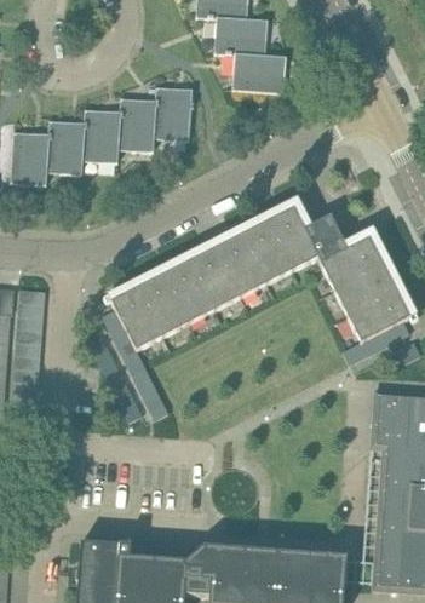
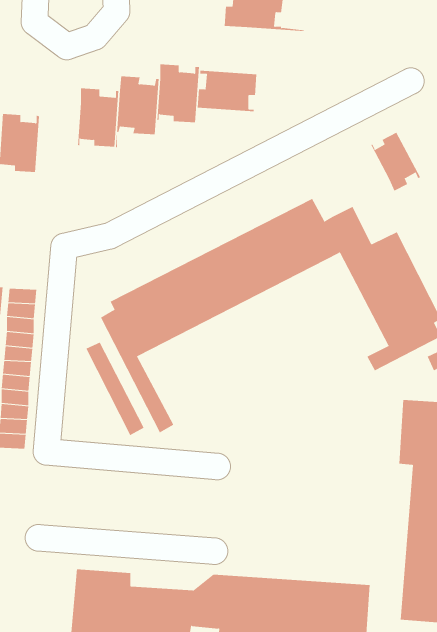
building: [231,53,286,91] -> [197,70,257,112]
building: [44,119,84,184] -> none
building: none -> [364,132,421,192]

